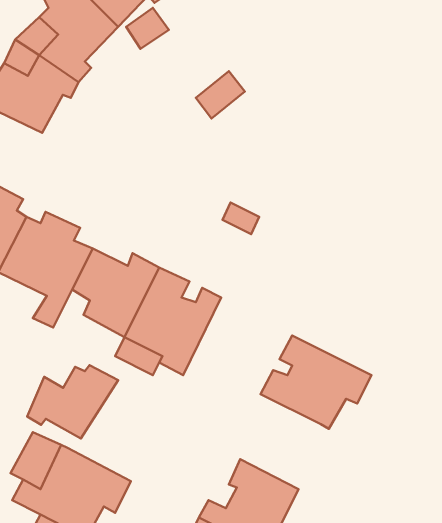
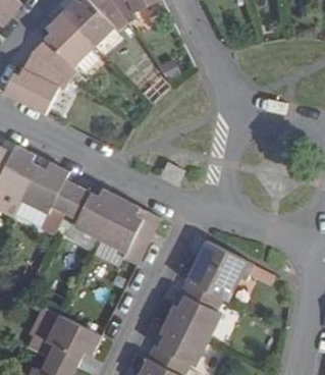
building: [27,365,118,438] -> none
building: none -> [173,280,225,341]

